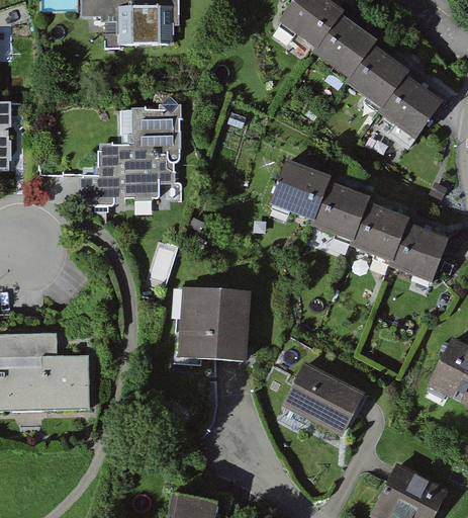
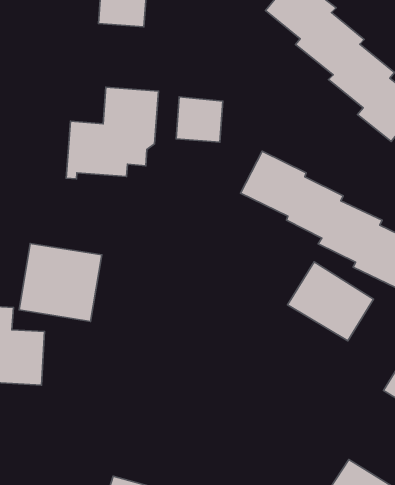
building: none -> [176,97,223,142]
building: [175,288,253,361] -> [19,243,102,321]
building: [277,360,362,436] -> [287,262,374,341]

